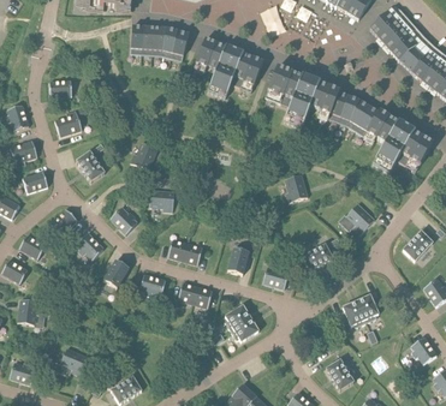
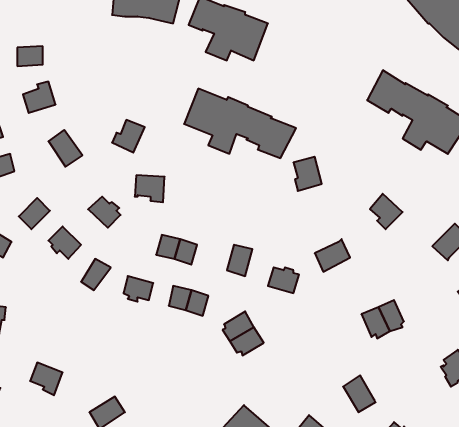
building: [264,66,359,125] -> [184,89,296,158]

